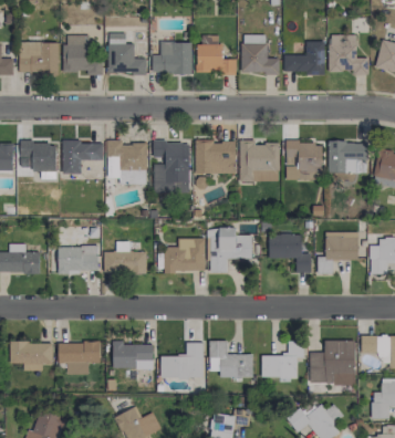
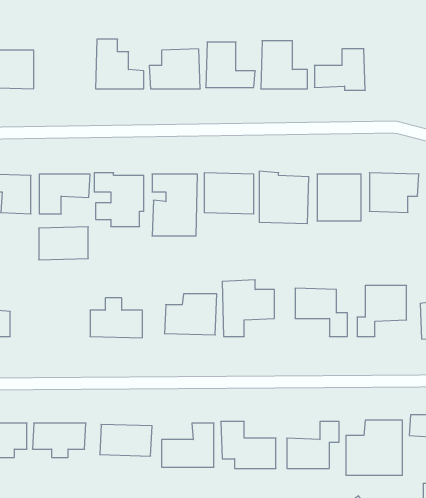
building: [63,35,104,76] -> none
building: [329,35,368,75] -> none
building: [59,247,98,273] -> [39,227,88,260]

